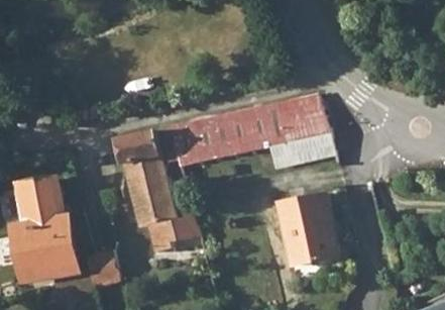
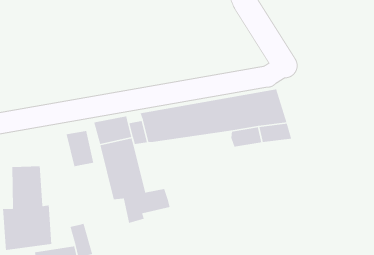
building: none -> [65,130,94,167]
building: [277,196,333,263] -> none

